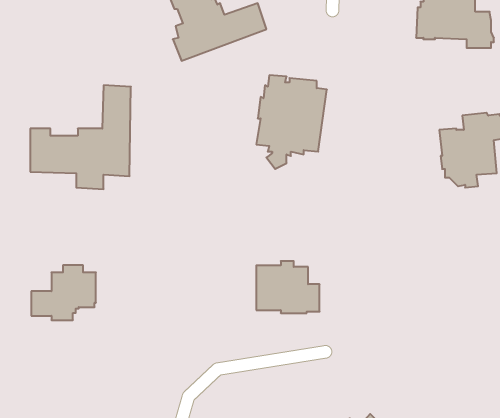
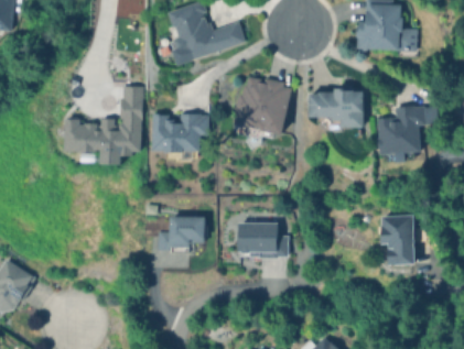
building: none -> [312,87,366,130]
building: none -> [150,113,205,163]
building: none -> [376,216,418,265]
building: [31,265,96,320] -> [153,211,203,253]

